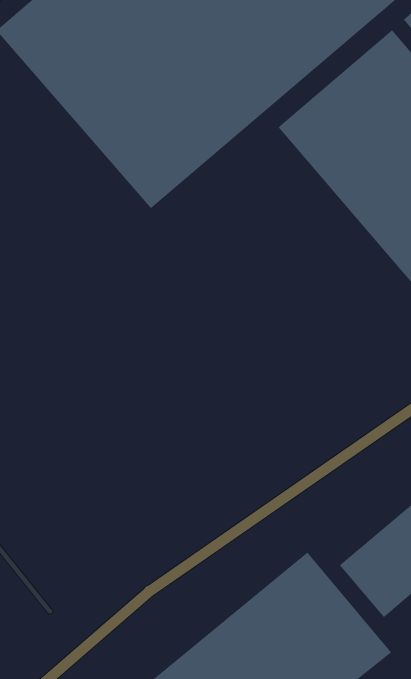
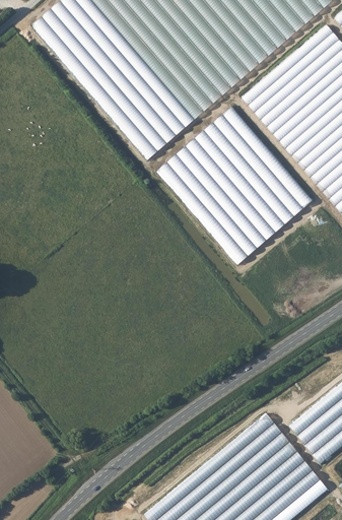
building: none -> [156,107,313,265]

